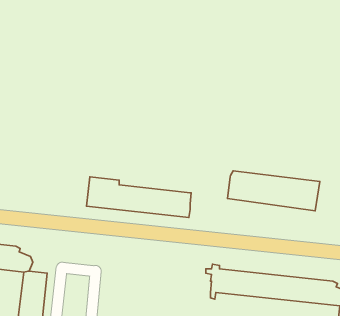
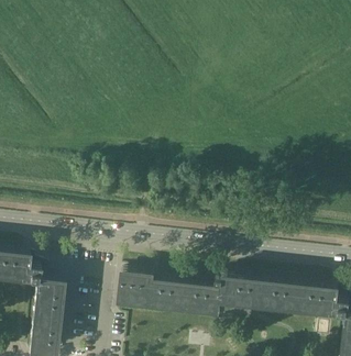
building: [227,171,320,211] -> none
building: [87,177,191,217] -> [119,272,221,312]

